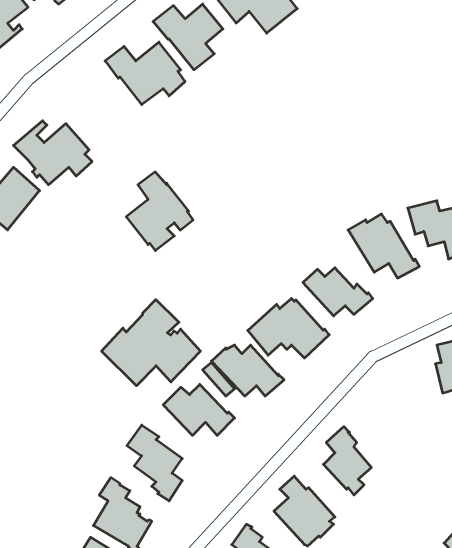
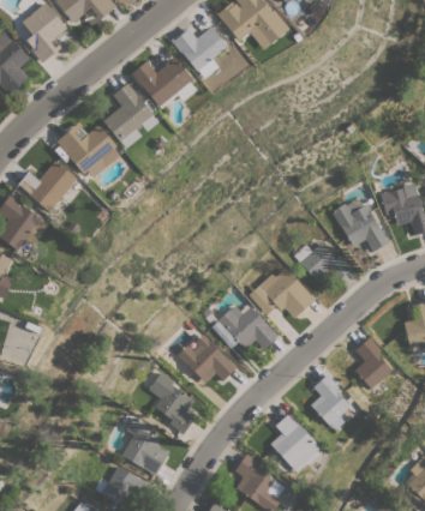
building: [126,172,193,251] -> [103,83,158,148]
building: [102,300,200,386] -> none
building: none -> [354,336,393,389]

